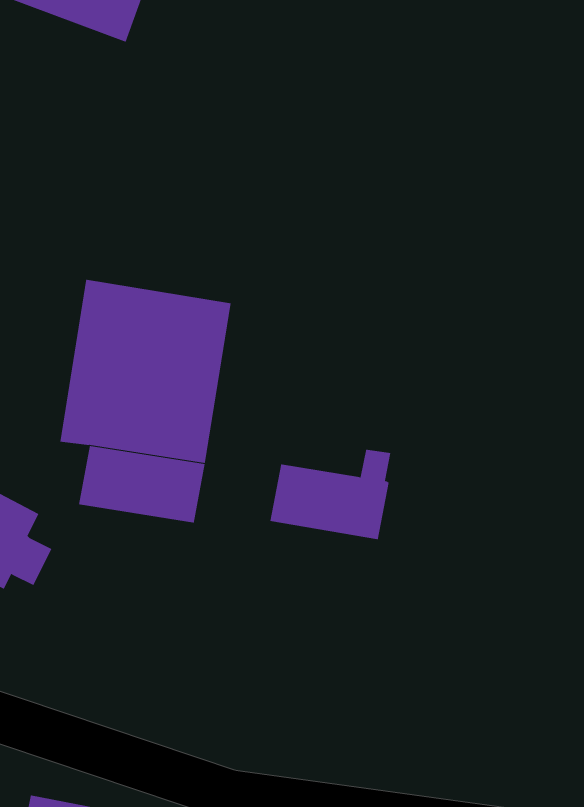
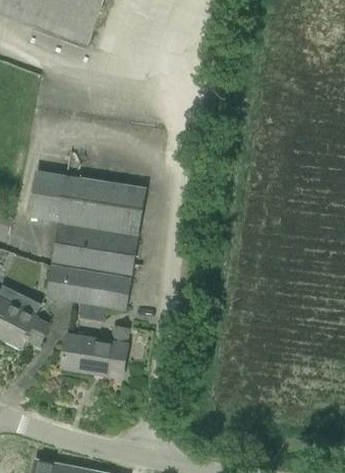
building: none -> [28,170,65,220]
building: none -> [46,264,67,299]
building: [269,449,391,540] -> [61,327,128,376]

